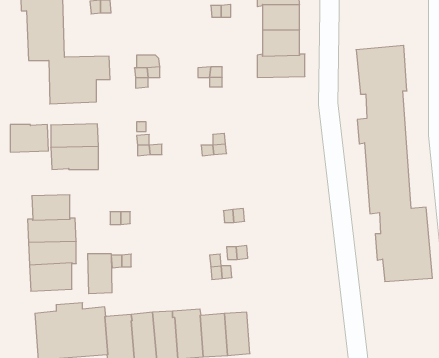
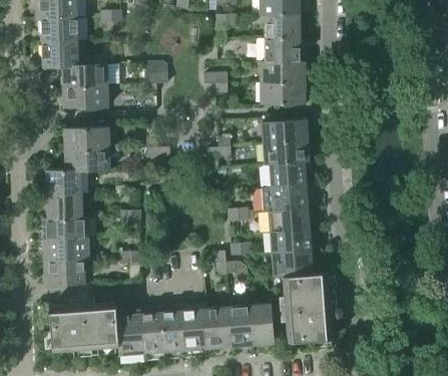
building: [356,45,432,281] -> [261,118,333,342]
building: none -> [260,82,305,104]
building: [10,125,48,152] -> [46,169,82,196]
building: [88,254,112,294] -> none
building: none -> [250,304,274,345]

